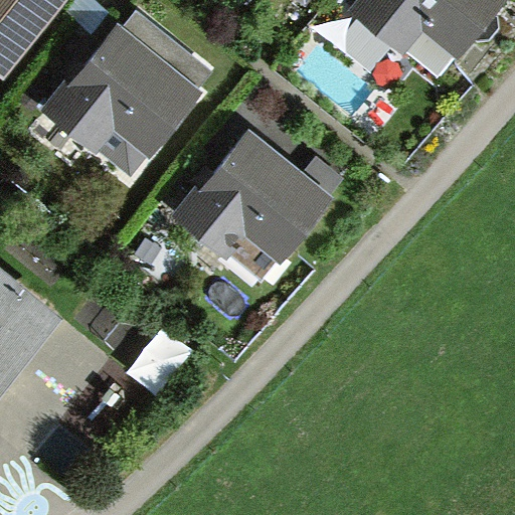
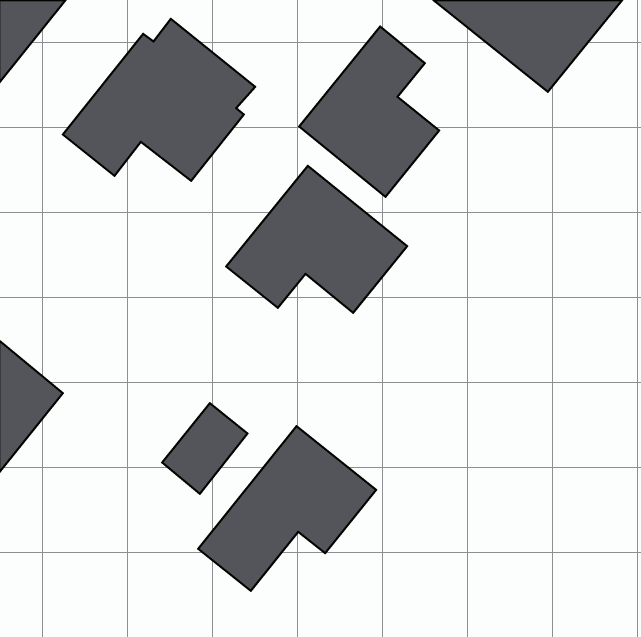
building: none -> [299,27,439,197]
building: none -> [198,426,376,591]

